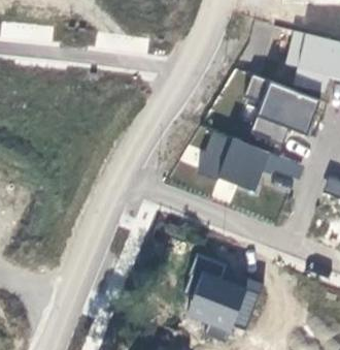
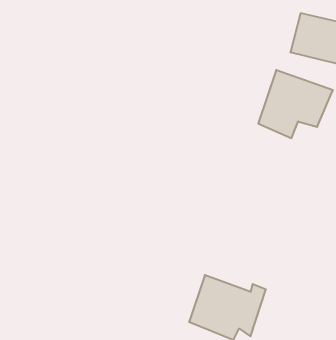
building: [197,129,305,194] -> none

